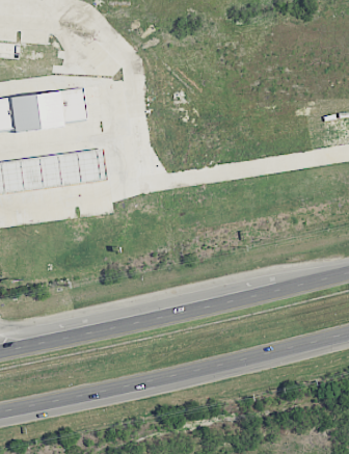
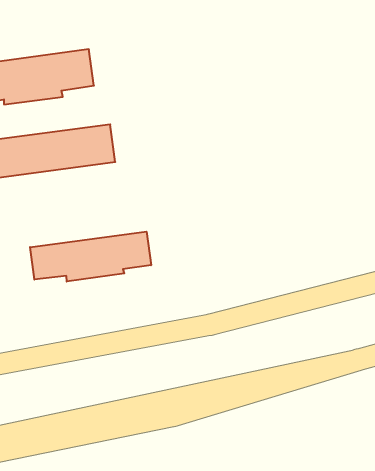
building: none -> [30,232,151,282]

